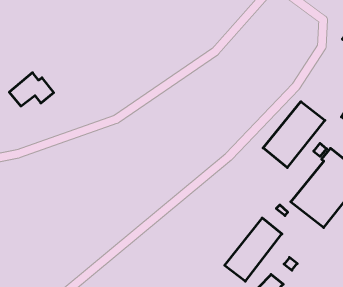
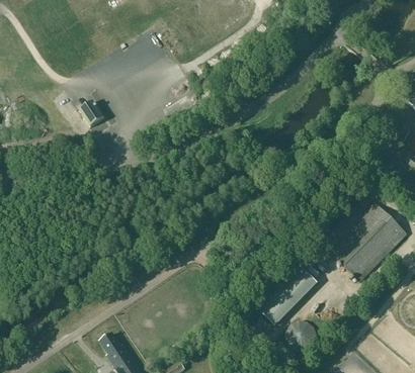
building: [263,102,325,168] -> none

